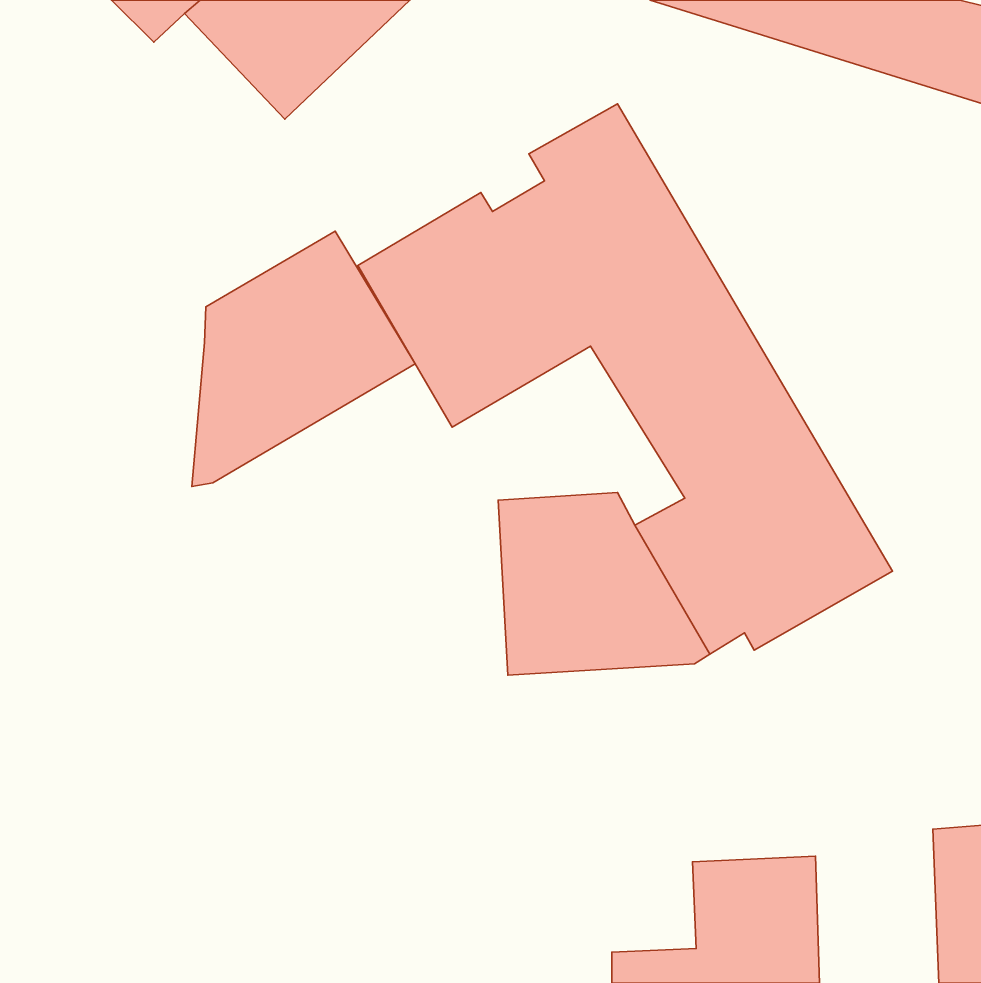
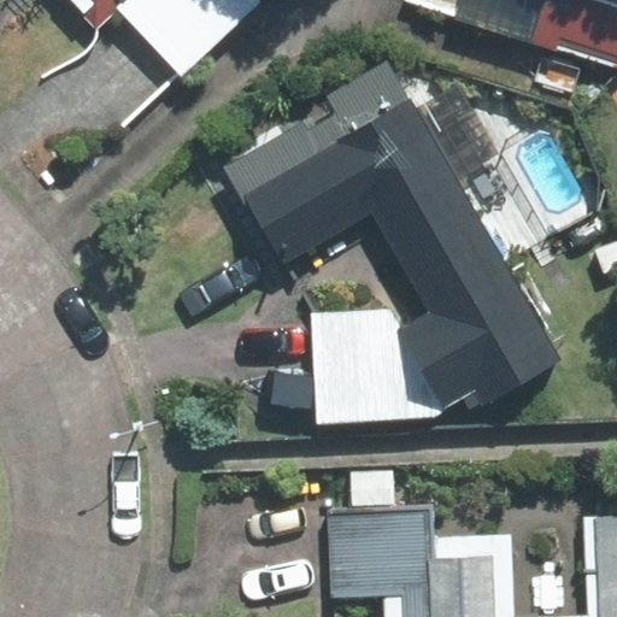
building: [192,231,415,486] -> none
building: none -> [328,505,437,599]

